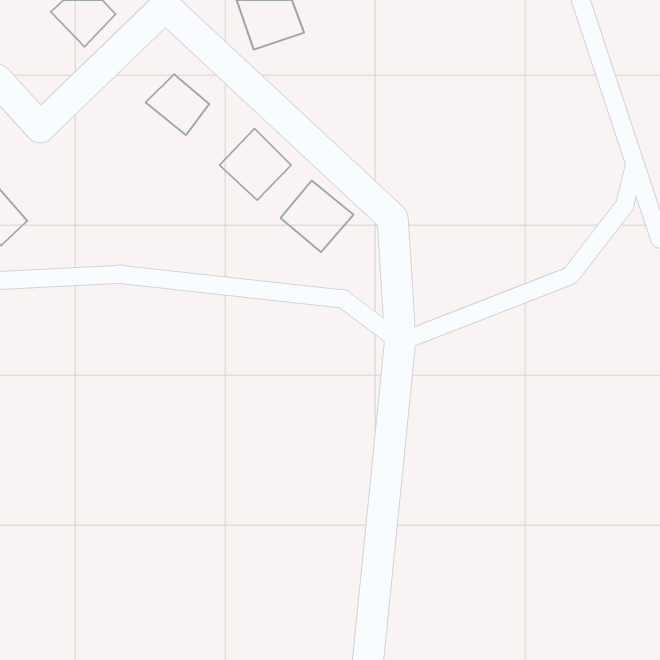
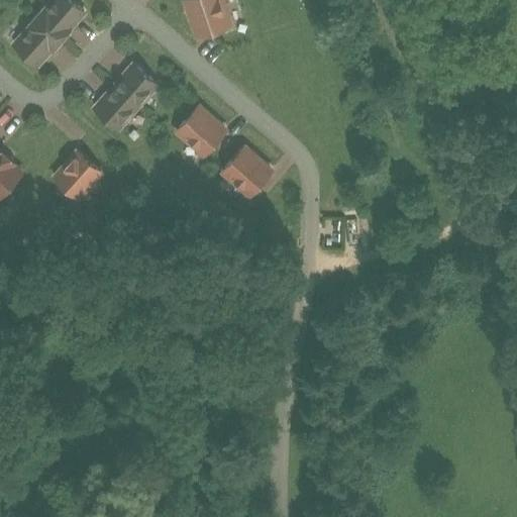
building: none -> [8,12,66,70]
building: none -> [90,83,144,133]
building: none -> [48,148,104,204]

